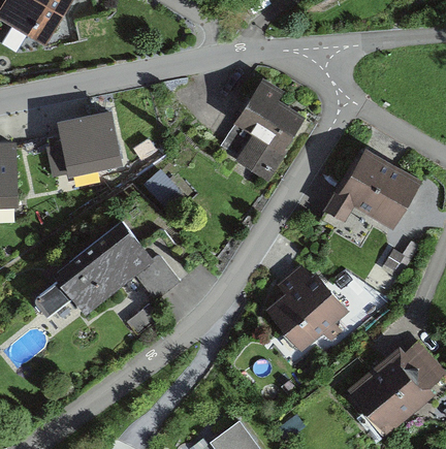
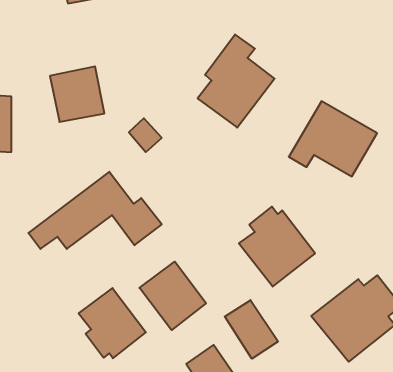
building: none -> [139,262,206,330]
building: none -> [79,288,146,358]
building: none -> [225,300,278,359]

